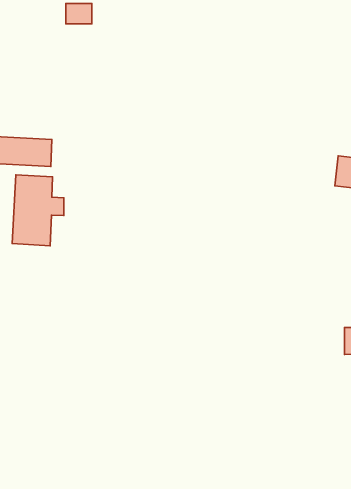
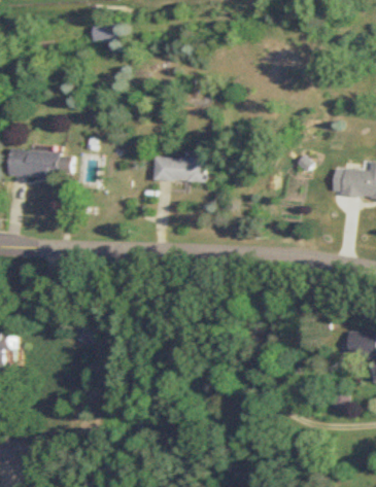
building: none -> [151,155,203,179]
building: [12,175,64,246] -> none

